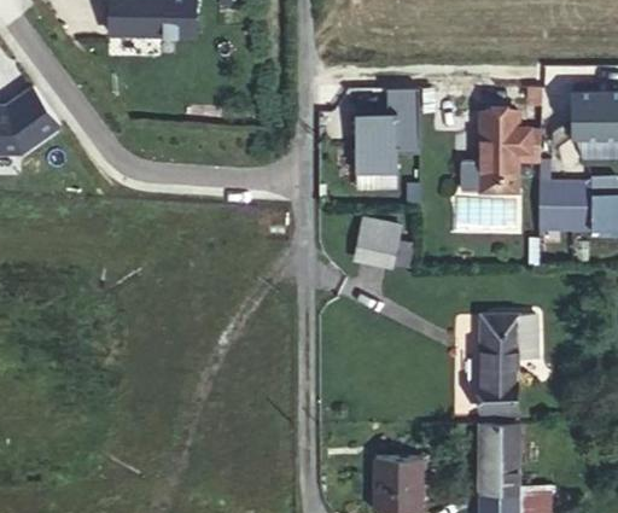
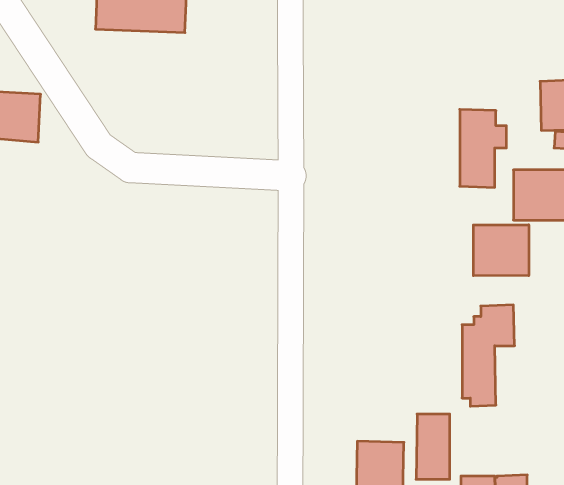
building: [351,86,418,191] -> none
building: [354,227,400,270] -> none
building: none -> [473,225,529,276]
building: [482,429,517,496] -> [416,414,450,479]

